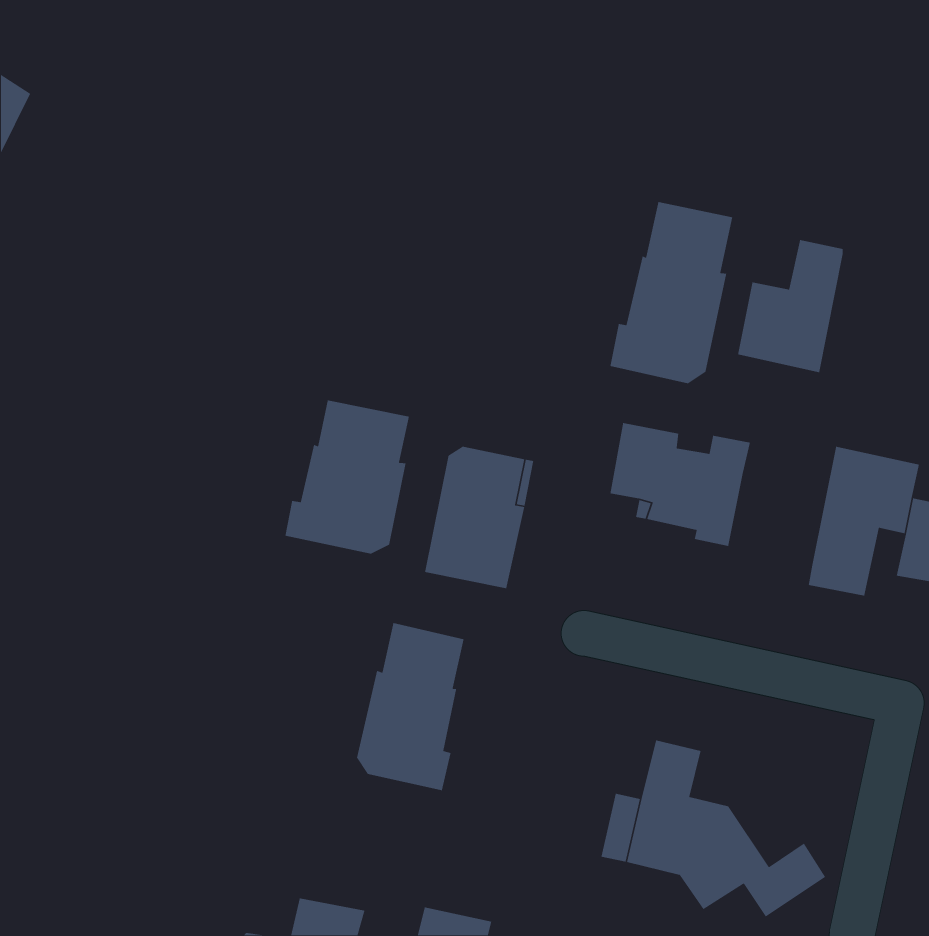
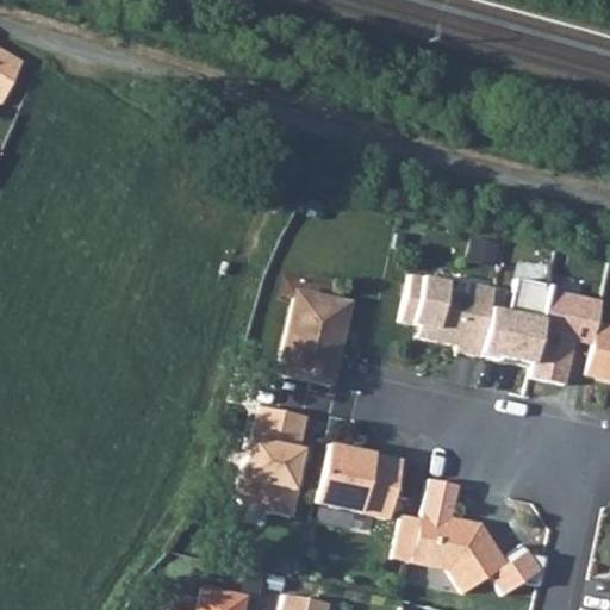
building: [609,201,733,384] -> none
building: [737,239,844,373] -> [479,280,548,367]
building: [285,399,410,554] -> none
building: none -> [315,447,402,521]

